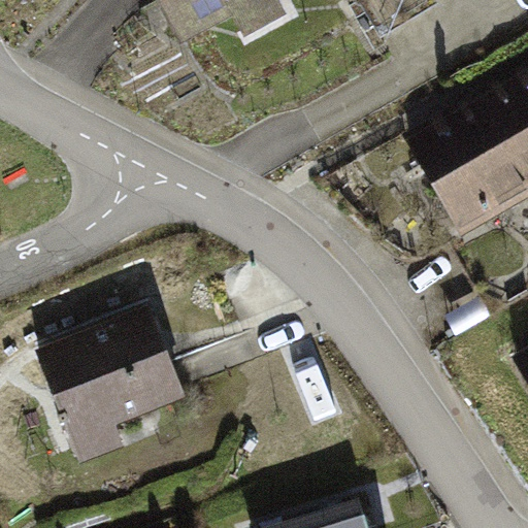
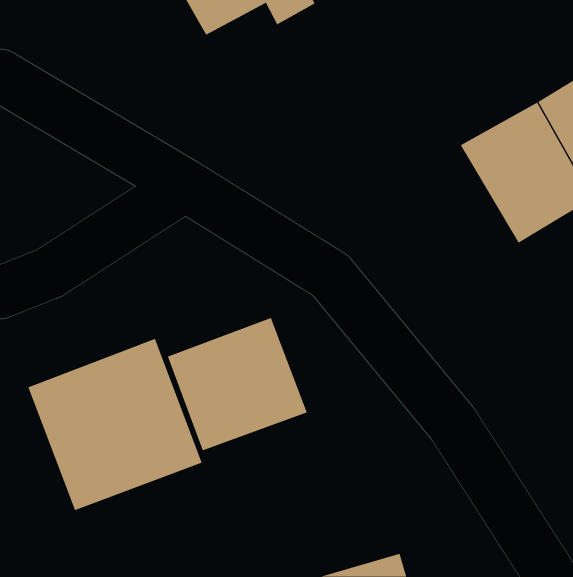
building: none -> [167,317,307,451]

